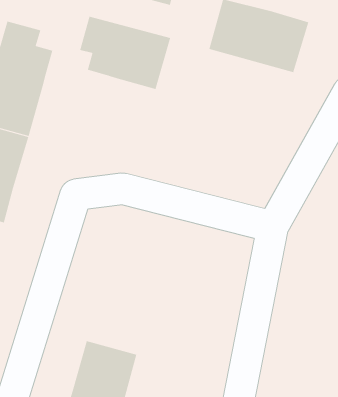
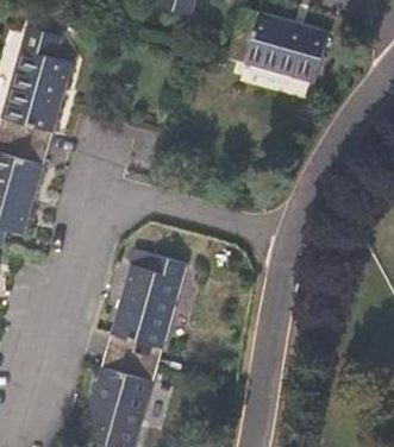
building: [79,16,171,90] -> none
building: none -> [106,254,186,366]

